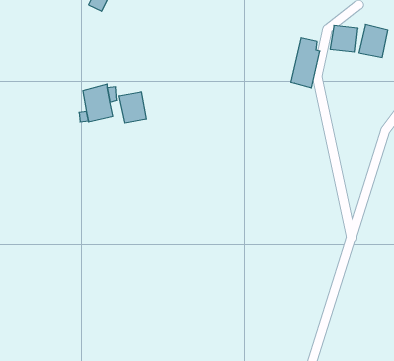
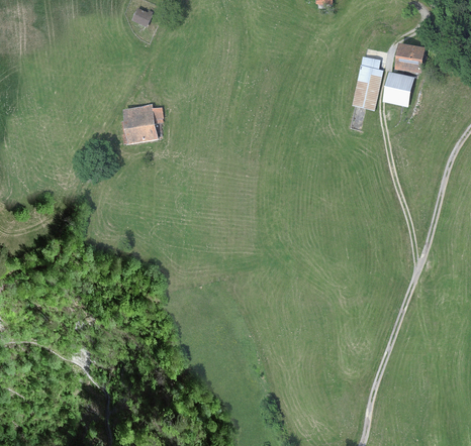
building: [359,24,388,57] -> [381,71,412,106]
building: [119,92,146,123] -> none

